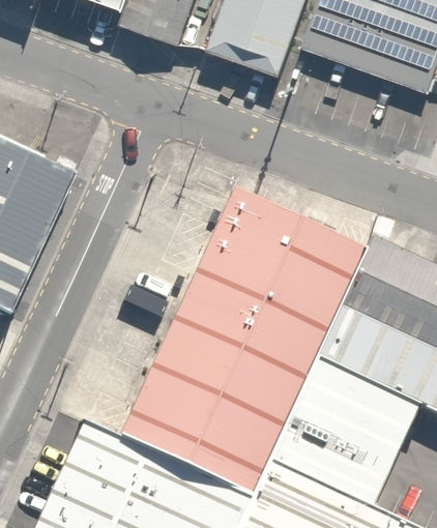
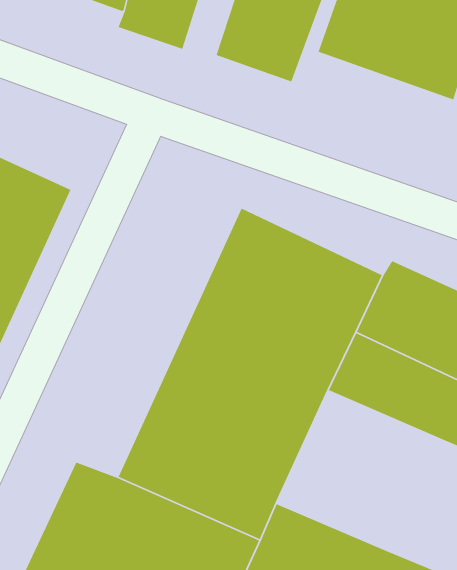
building: [263,360,416,508] -> none

